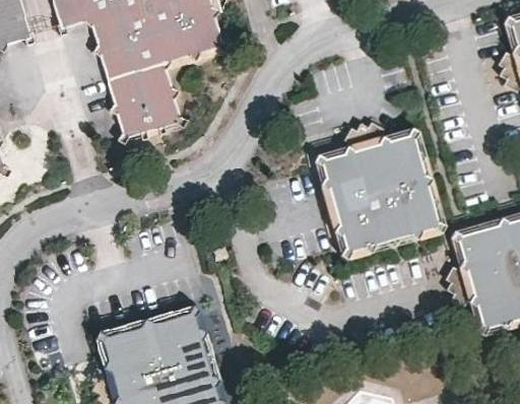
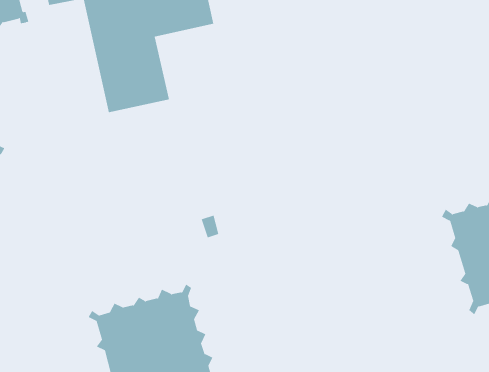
building: [314,128,446,260] -> none

